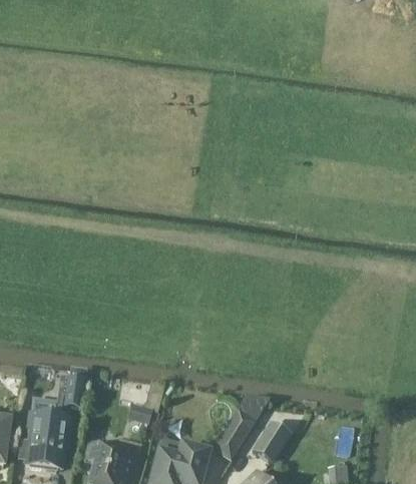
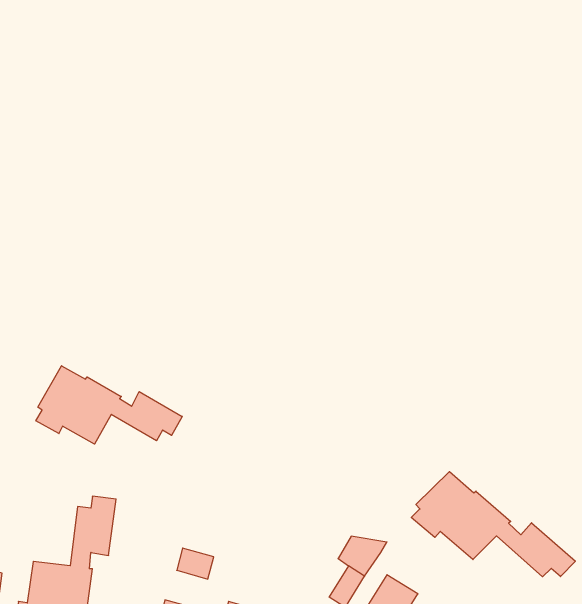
building: none -> [36,366,182,444]
building: none -> [411,472,575,577]

